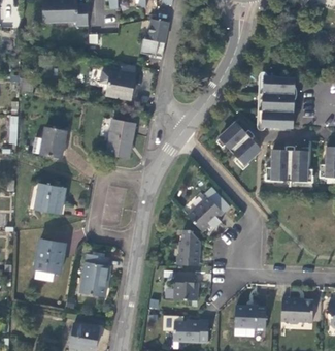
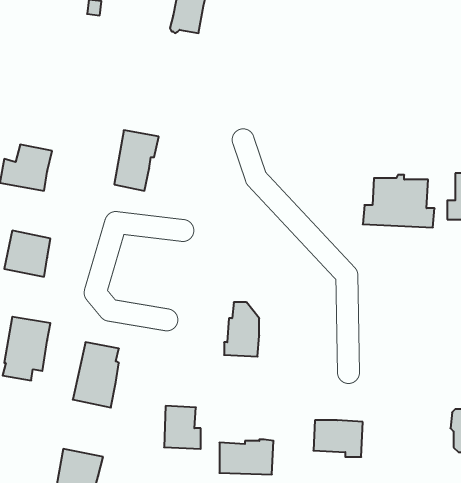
building: [100,62,135,98] -> none
building: [262,76,296,128] -> none
building: [221,123,261,164] -> none
building: [189,195,226,231] -> none
building: [174,273,198,300] -> [164,406,201,449]
building: [282,297,313,323] -> none

